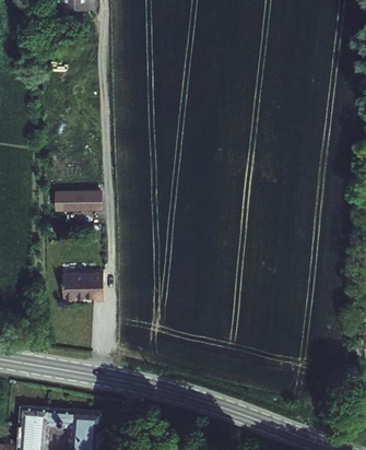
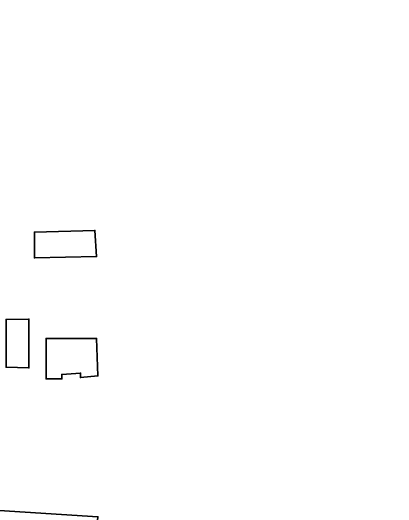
building: none -> [6,319,29,368]

